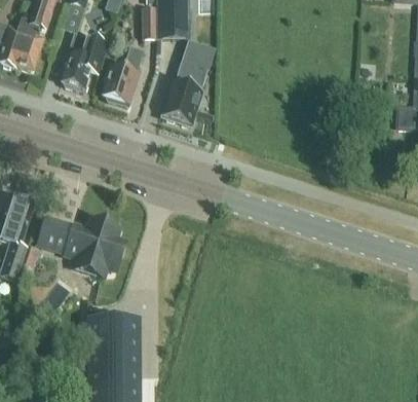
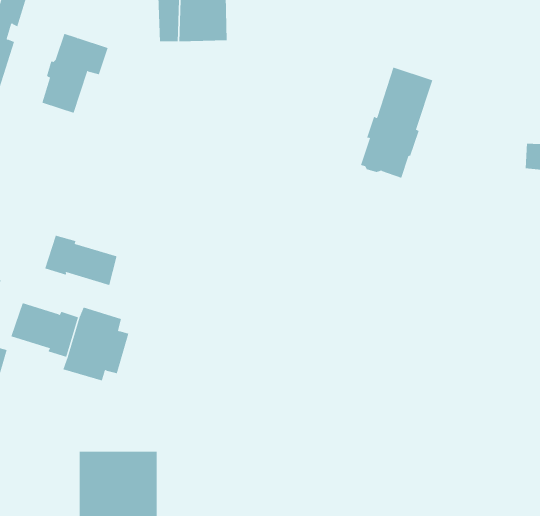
building: [102,44,143,102] -> none
building: [161,46,212,123] -> [360,67,433,179]
building: none -> [45,235,117,286]

